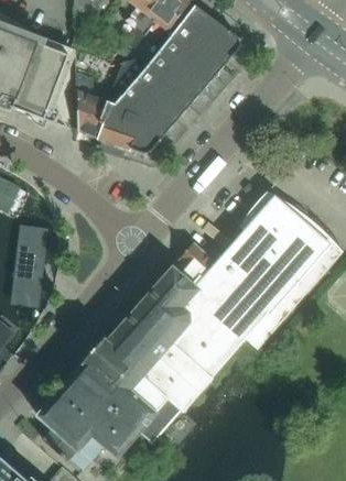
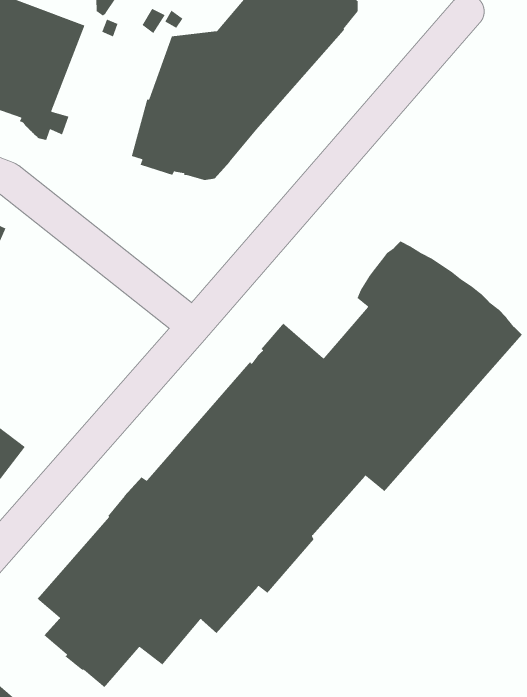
building: [76,73,106,136] -> none
building: [21,228,51,297] -> none

